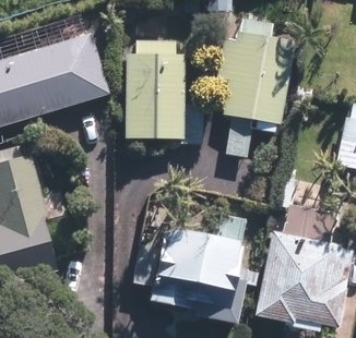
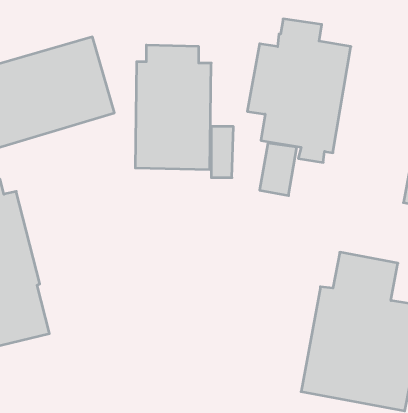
building: [150,215,248,325] -> none

